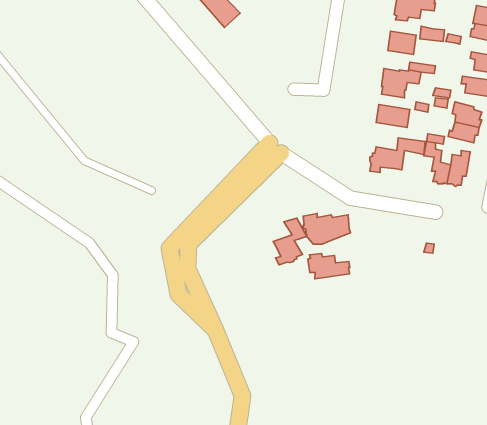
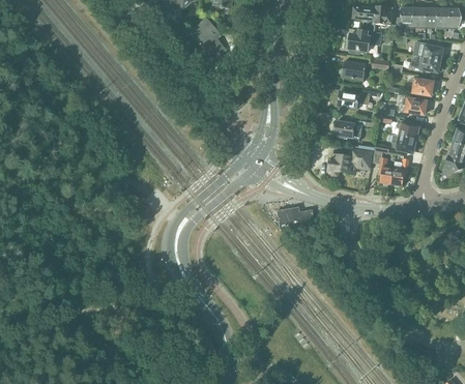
building: [273,218,307,265] -> none
building: [308,254,350,279] -> none

